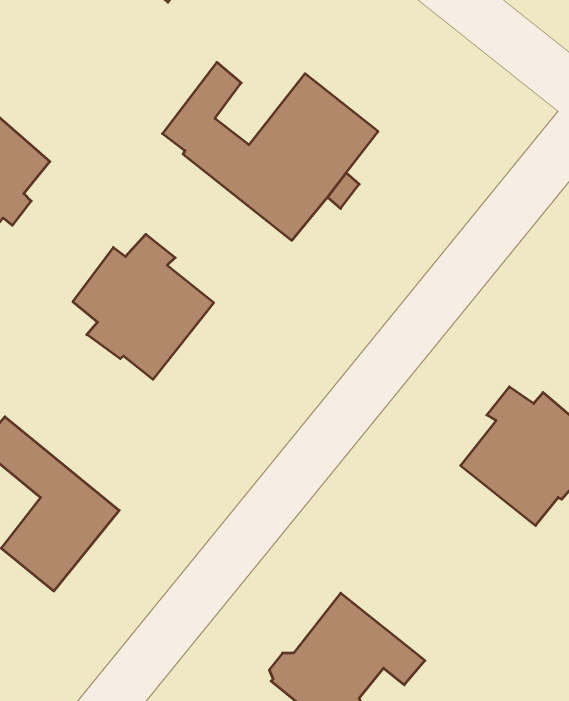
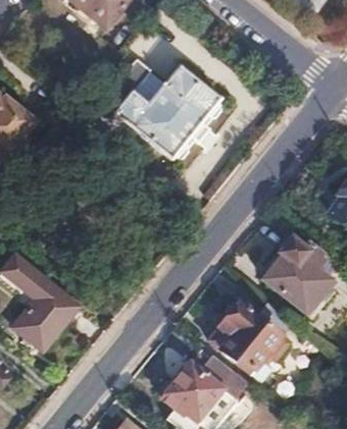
building: [73,234,214,379] -> none
building: none -> [208,300,291,367]

